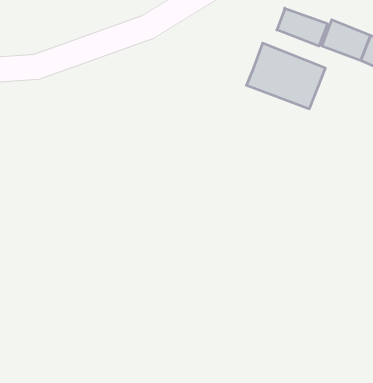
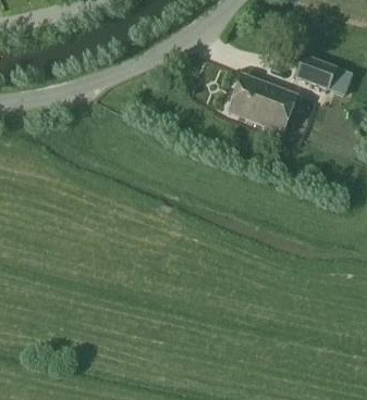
building: [277,8,327,46] -> none

